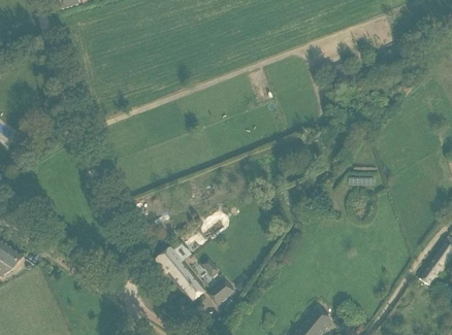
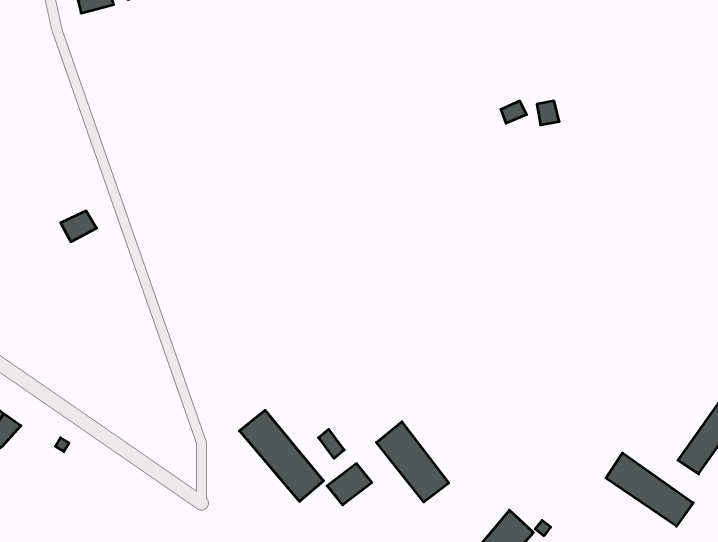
building: none -> [376,422,449,502]
building: none -> [606,453,693,526]

